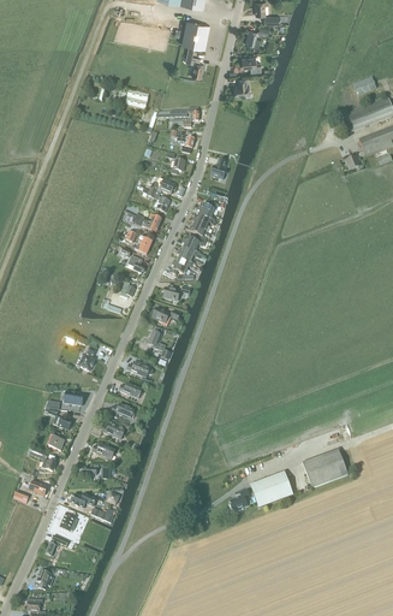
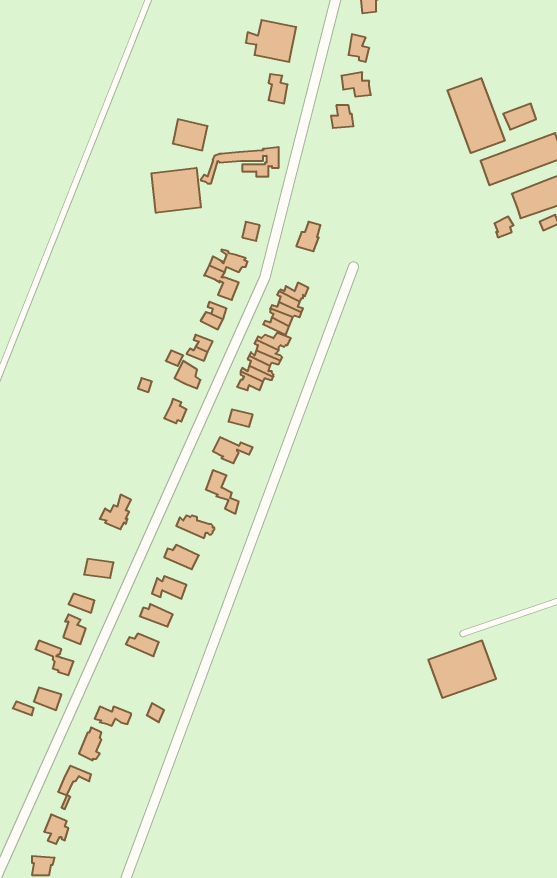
building: none -> [447,78,505,153]
building: none -> [151,168,201,213]
building: [228,470,292,510] -> none

